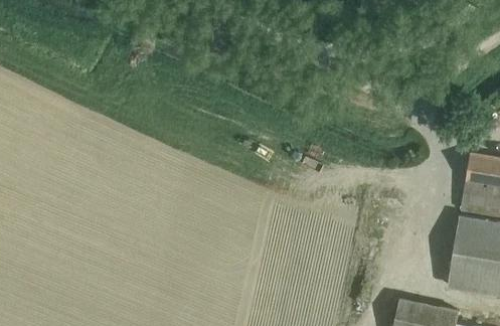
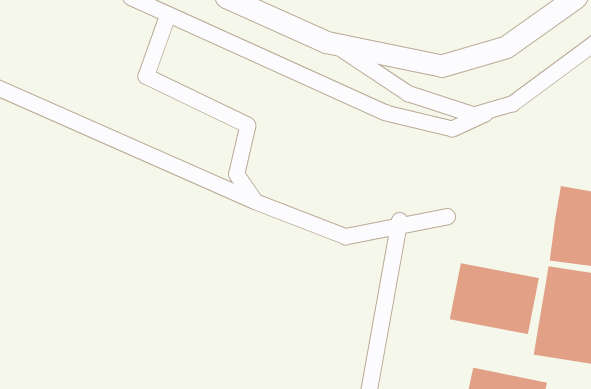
building: none -> [449,263,540,335]

